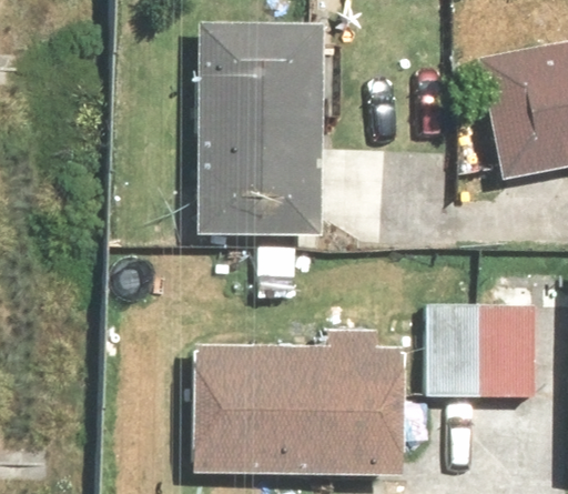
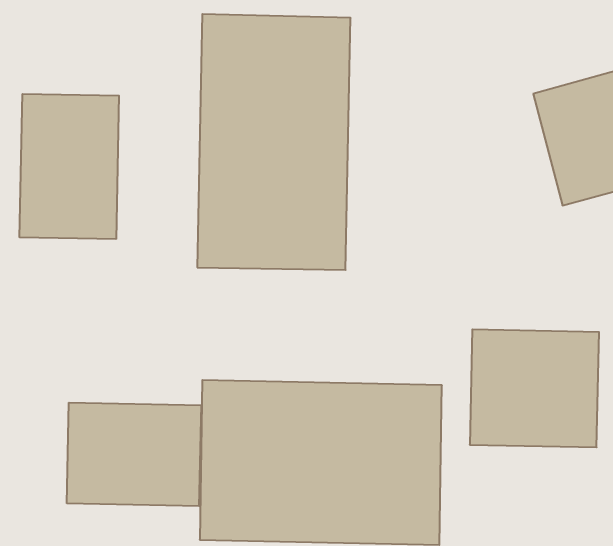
building: none -> [20,94,119,239]
building: none -> [67,403,201,506]

